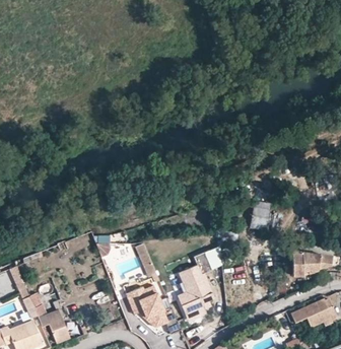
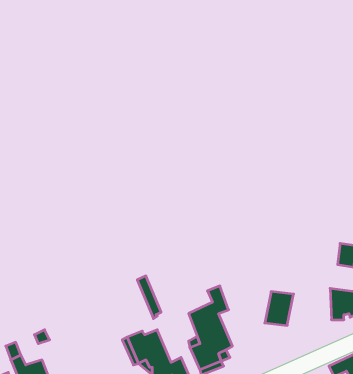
building: [251,202,274,229] -> [265,292,294,325]

